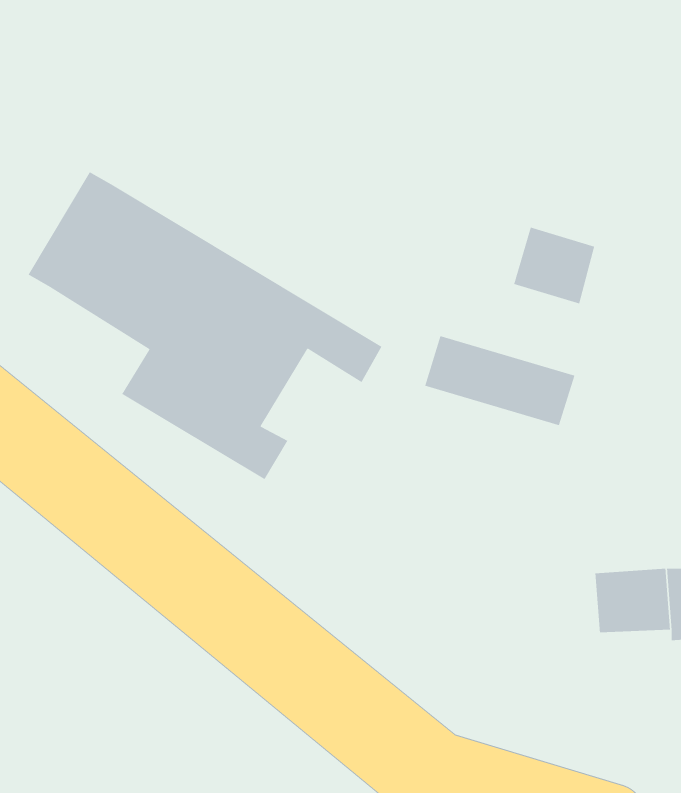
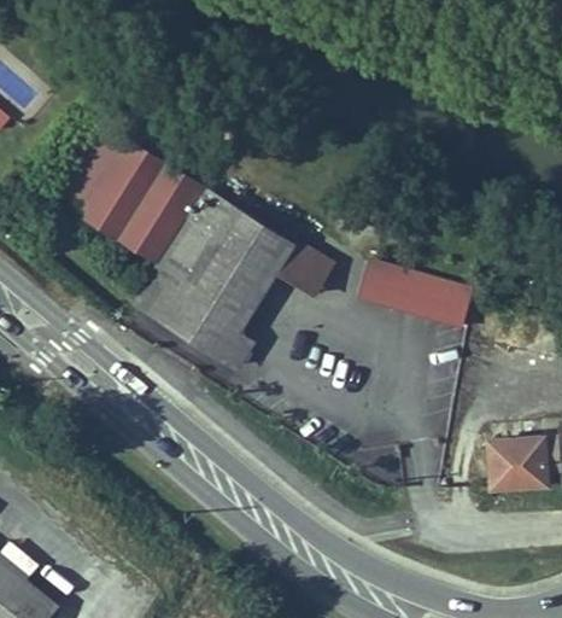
building: [513,227,595,305] -> none

